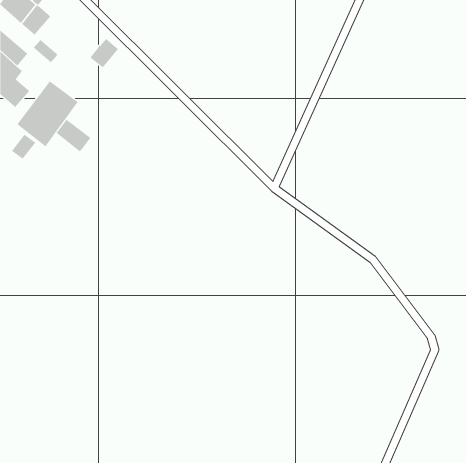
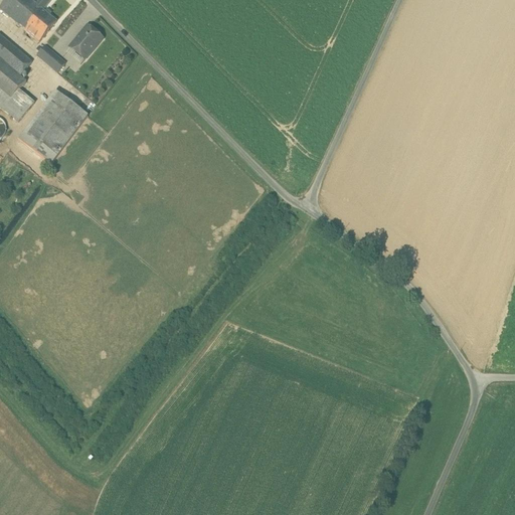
building: [89,38,119,68] -> [68,23,101,56]
building: [56,119,91,152] -> none
building: [11,134,36,159] -> none

